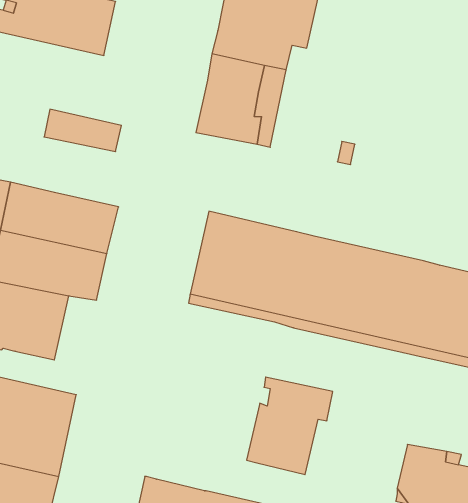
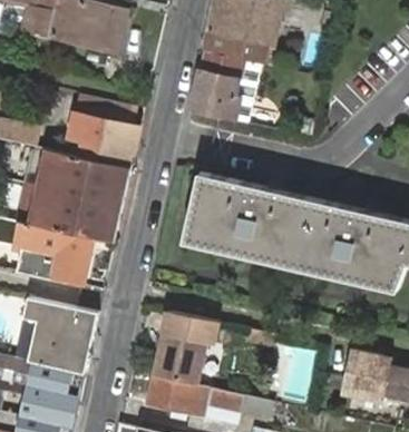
building: none -> [69,115,138,168]
building: [247,377,333,475] -> [152,311,217,385]

